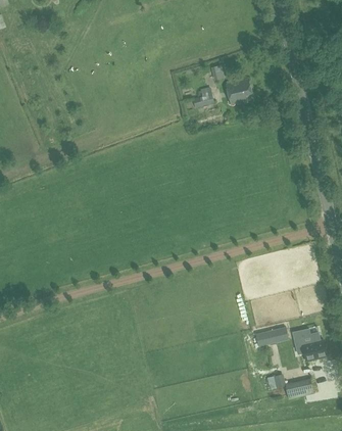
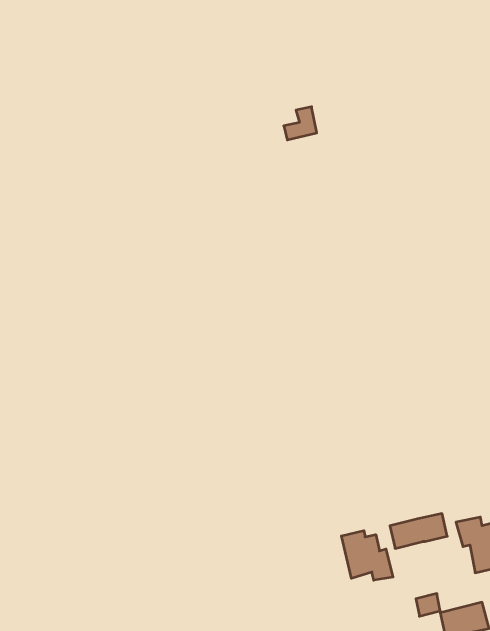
building: [226,79,252,103] -> none
building: none -> [341,531,393,580]

